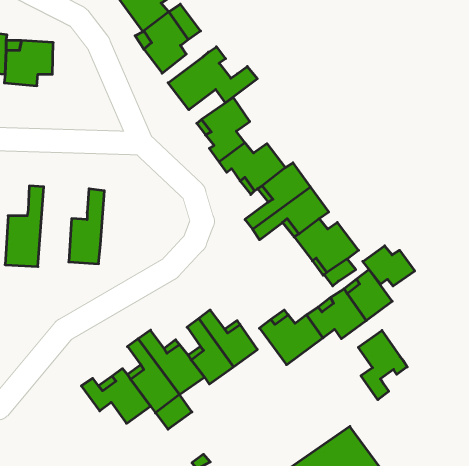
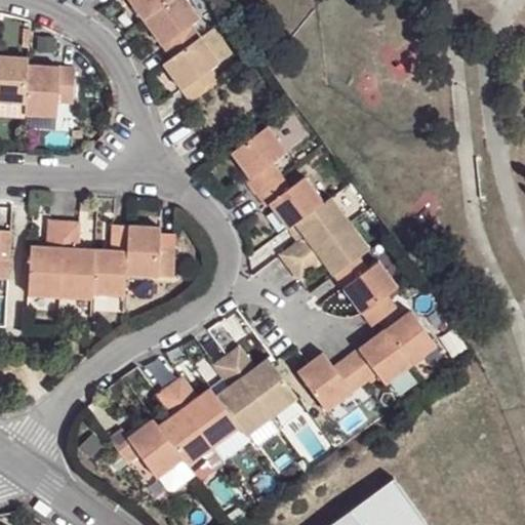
building: [168,47,257,110] -> none
building: none -> [59,221,95,309]
building: none -> [126,226,174,286]
building: [363,246,415,286] -> none
building: [358,330,407,400] -> none

